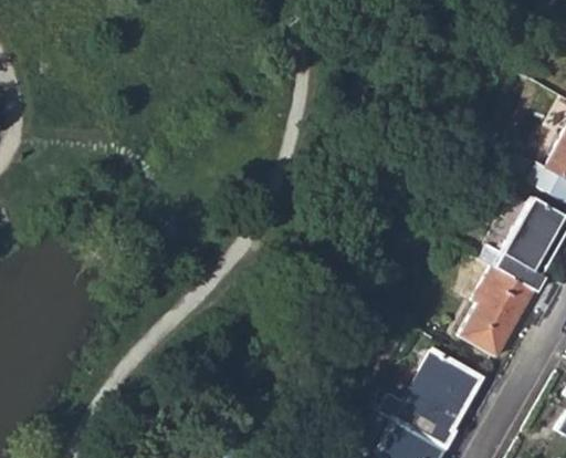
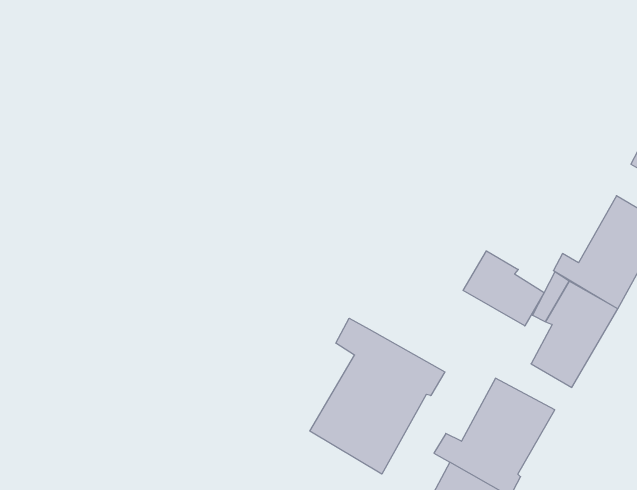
building: none -> [463,251,544,326]
building: none -> [310,318,445,474]

